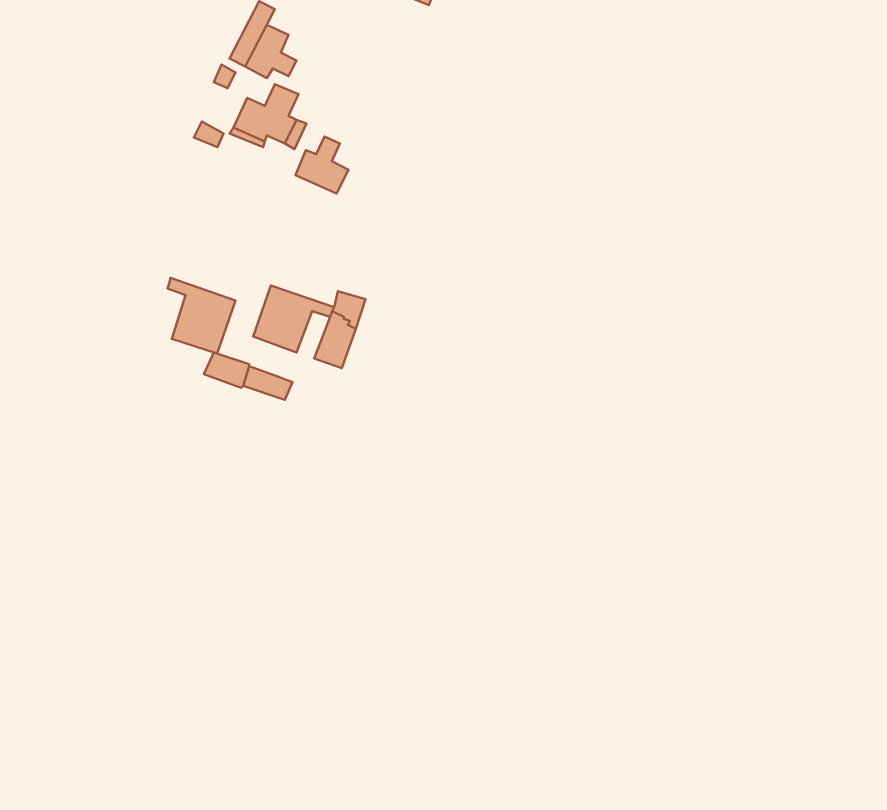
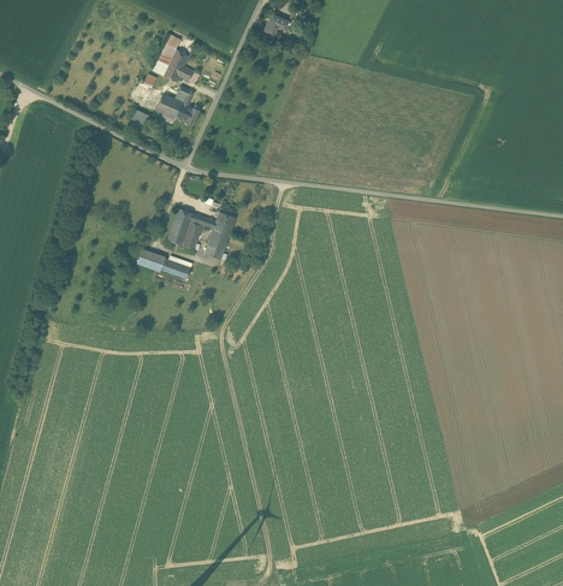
building: [295,136,348,193] -> none
building: [167,278,235,354] -> none

